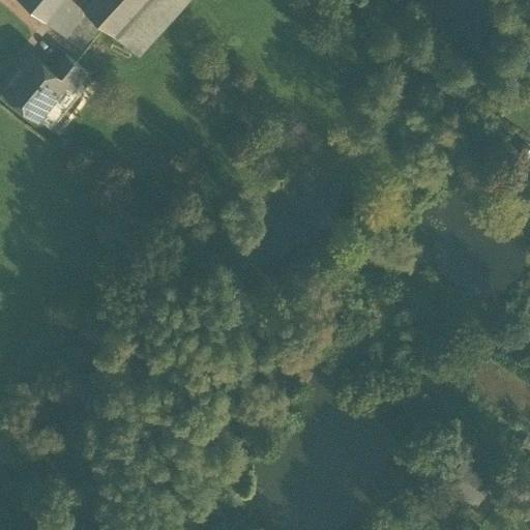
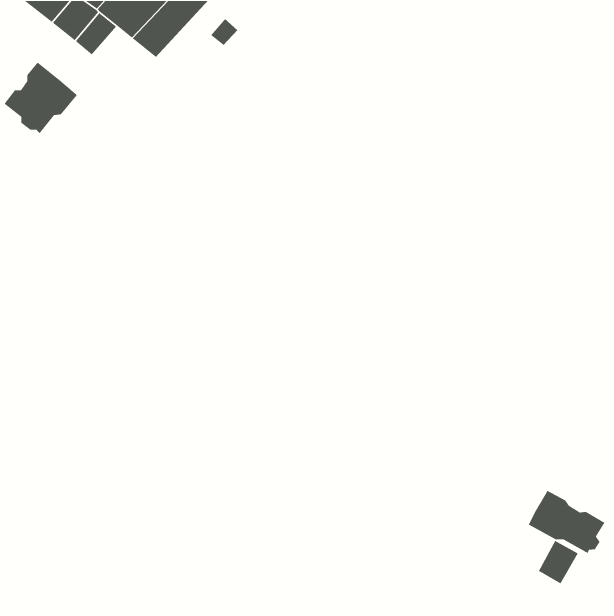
building: [56,55,89,88] -> none
building: none -> [527,490,605,554]

